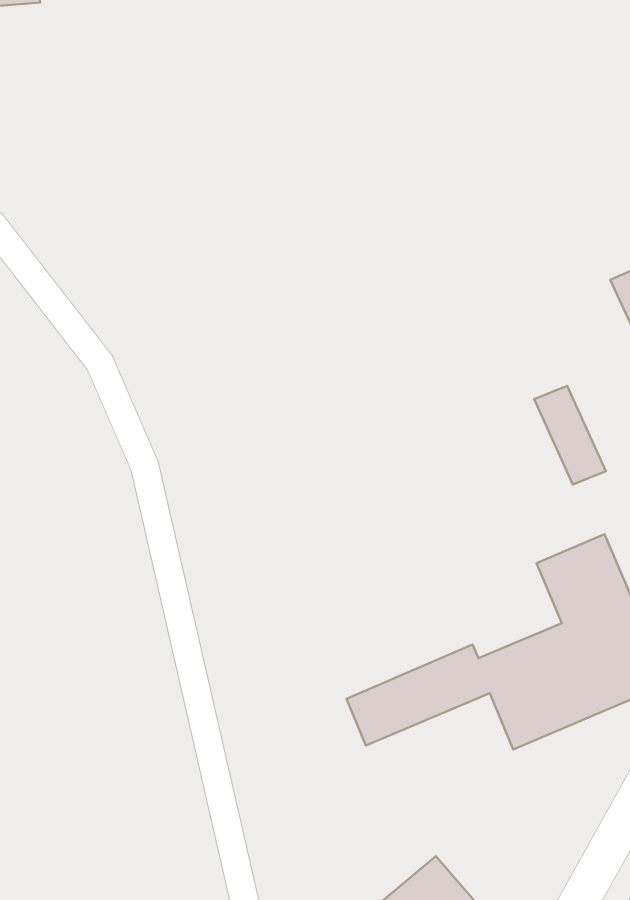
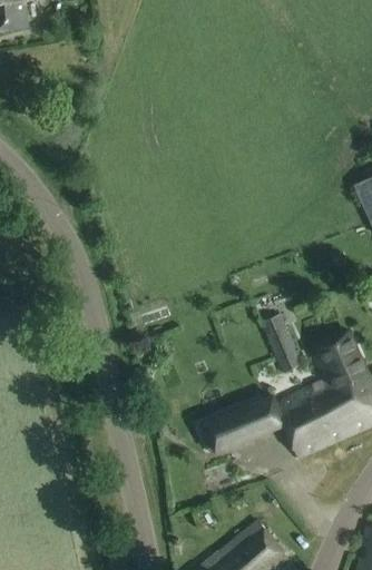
building: [534,386,606,485] -> [265,318,306,375]

